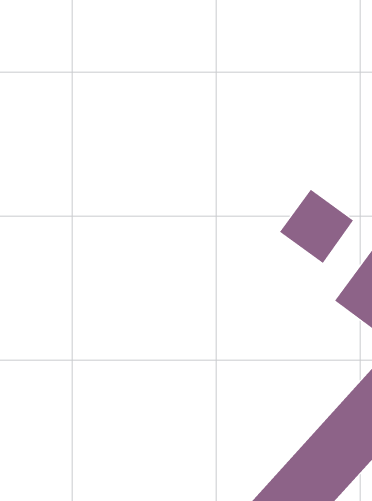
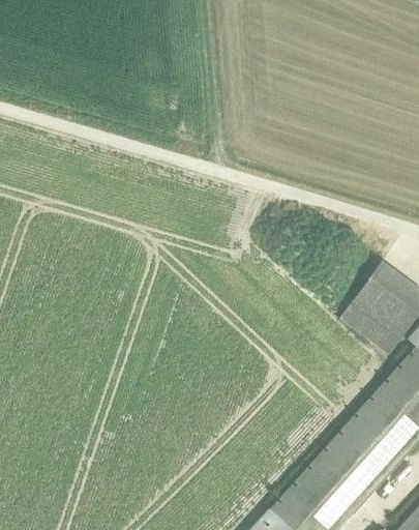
building: [279,189,354,264] -> none

